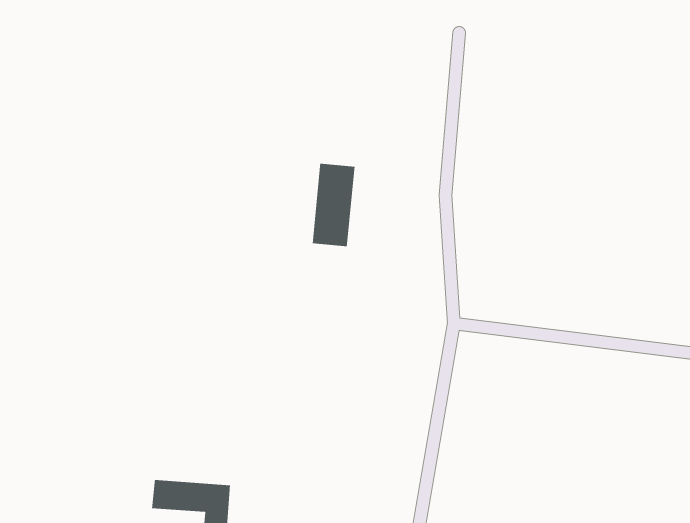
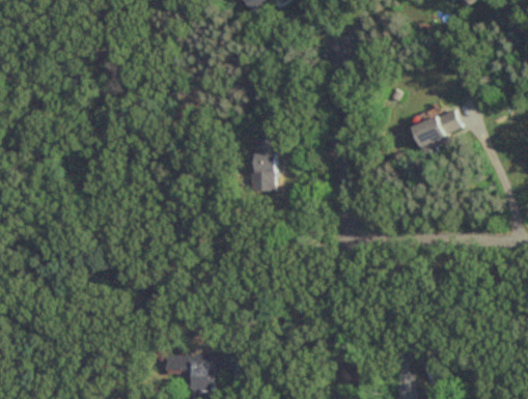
building: none -> [412,109,464,148]

